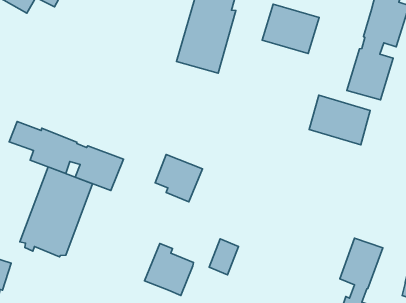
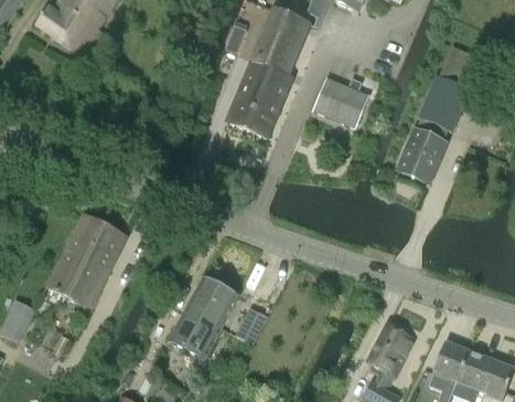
building: [309,95,370,145] -> none
building: [9,122,123,190] -> none
building: [155,155,202,202] -> [189,276,238,327]

